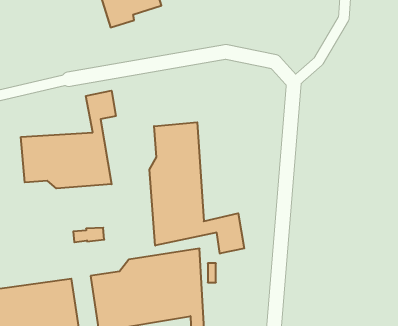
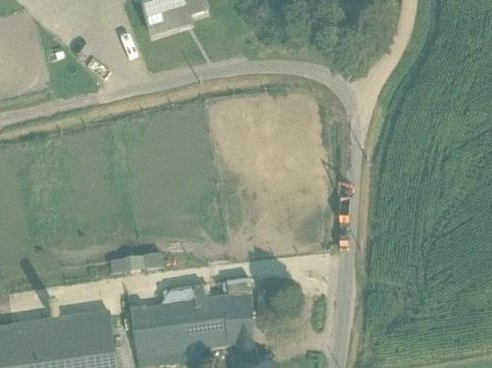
building: [21,91,116,188] -> none
building: [149,122,244,254] -> none

